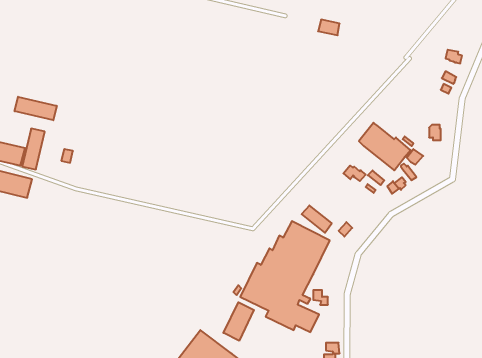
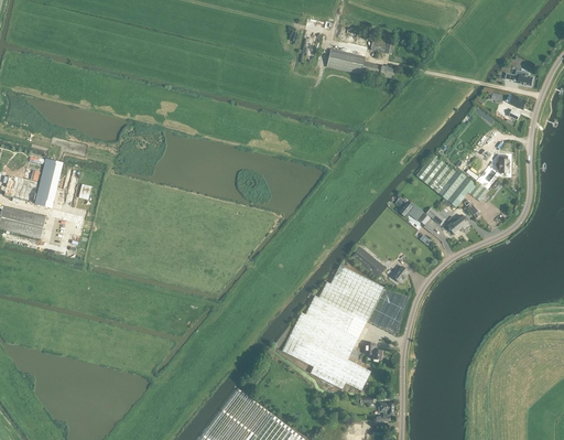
building: none -> [326,49,393,83]
building: [15,97,57,120] -> none
building: [223,302,254,341] -> none

